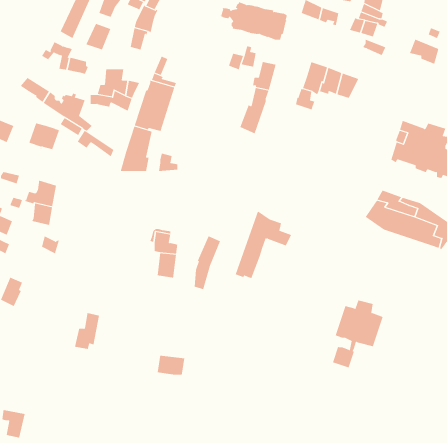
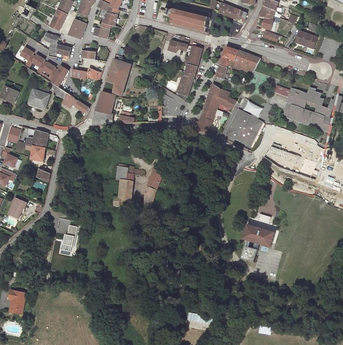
building: none -> [225,109,263,146]
building: [235,210,292,279] -> [196,83,236,131]

